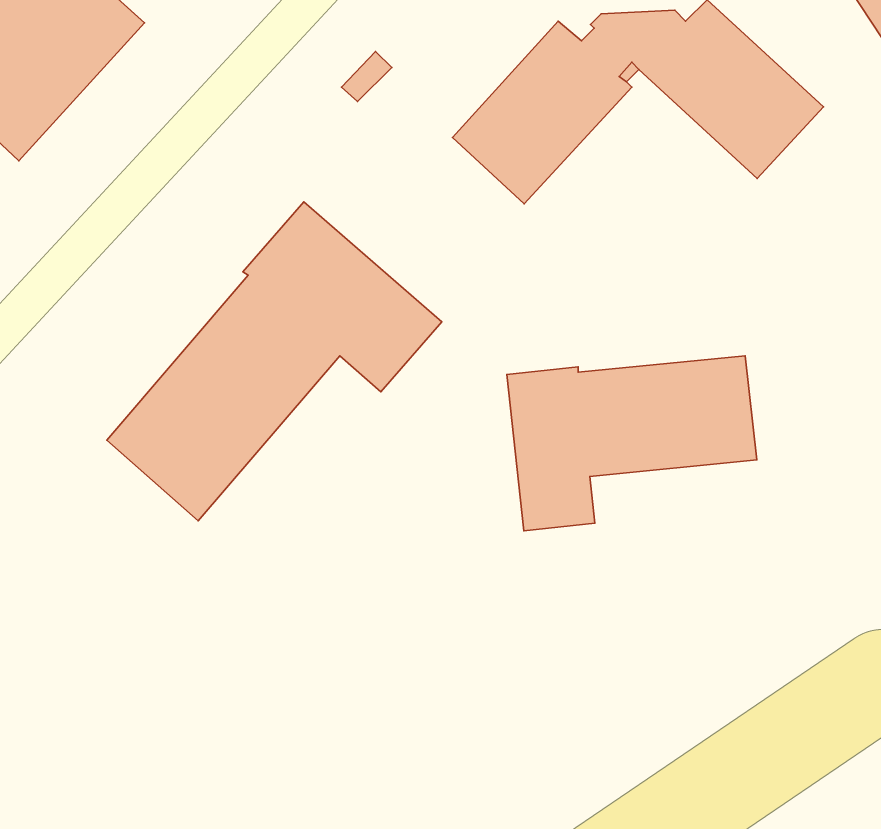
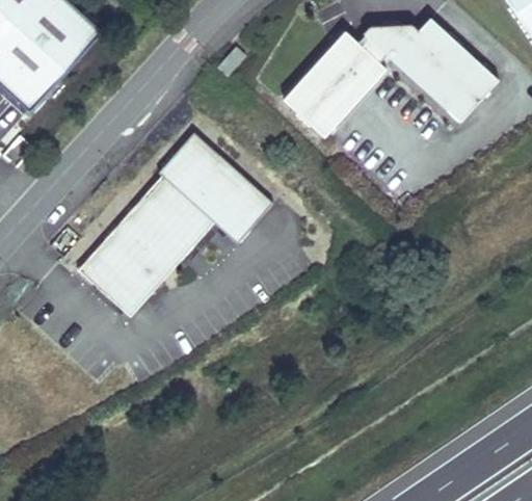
building: [507,356,757,531] -> none

